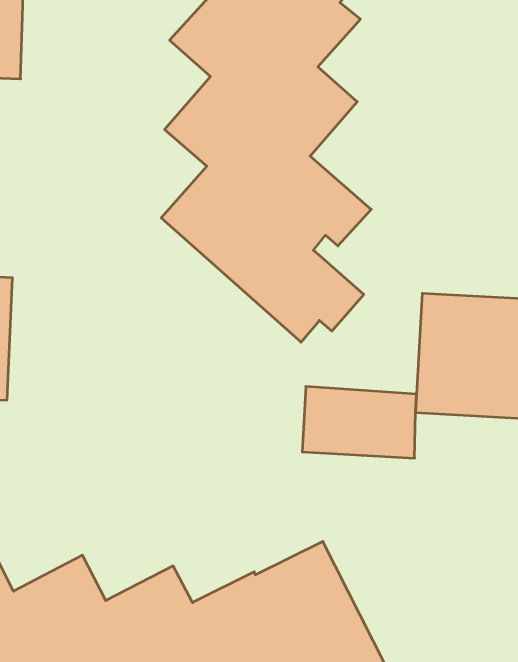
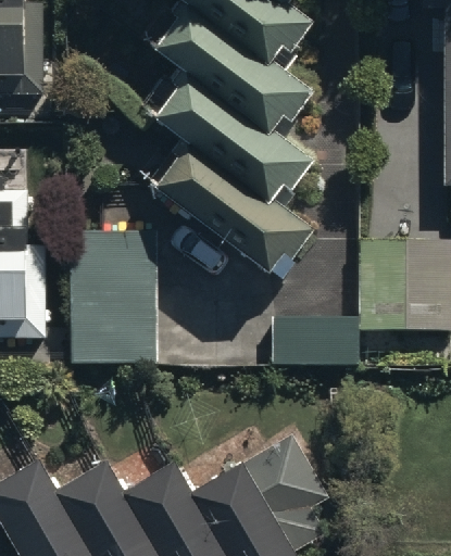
building: none -> [71,230,156,364]

